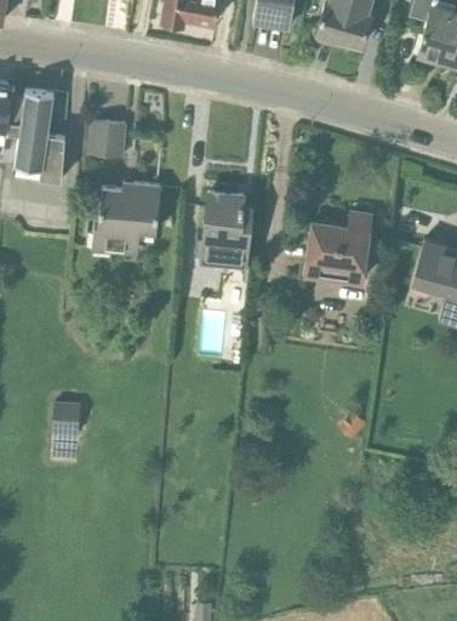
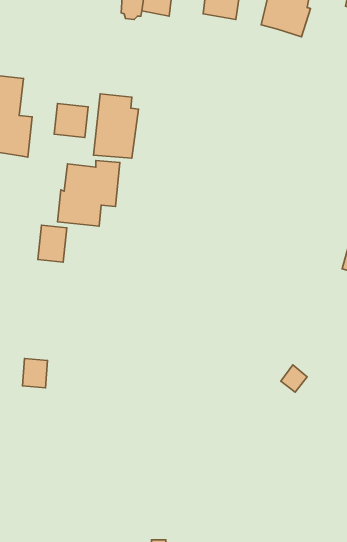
building: [202,190,252,262] -> [94,94,138,158]
building: [305,211,372,284] -> none
building: none -> [38,225,67,262]

